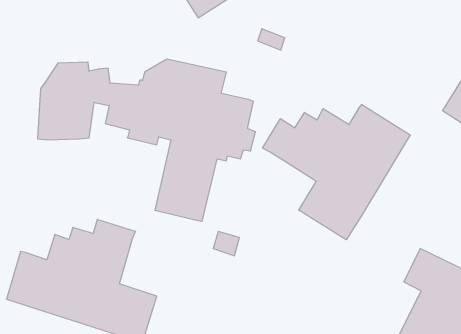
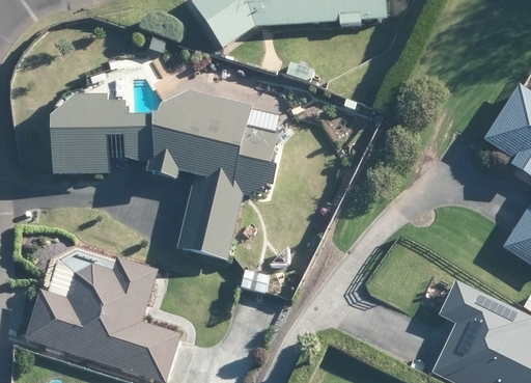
building: [262,104,410,240] -> none

